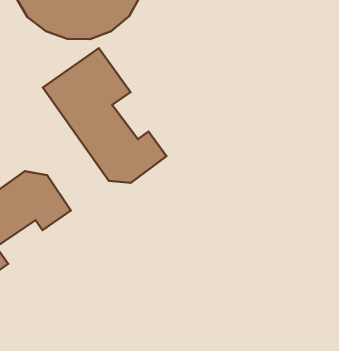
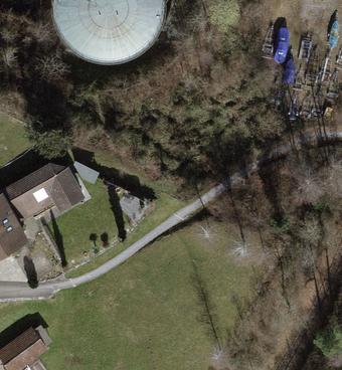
building: [43,48,167,183] -> none

